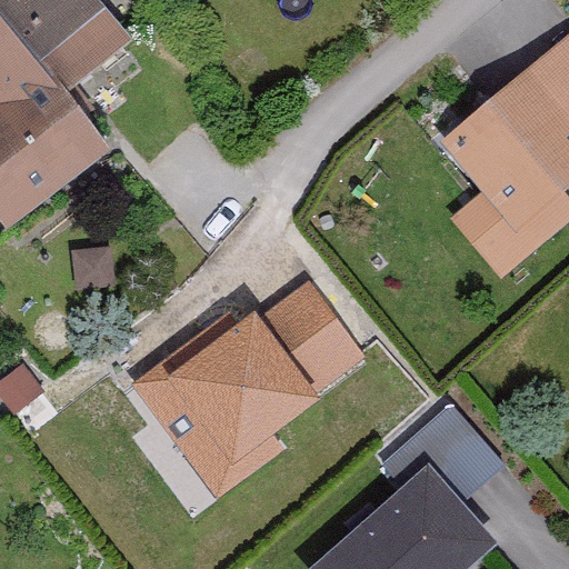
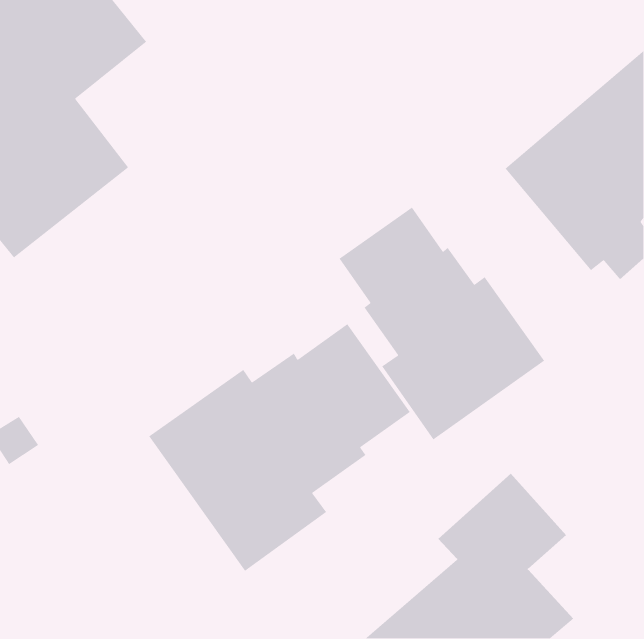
building: none -> [338,207,545,440]

